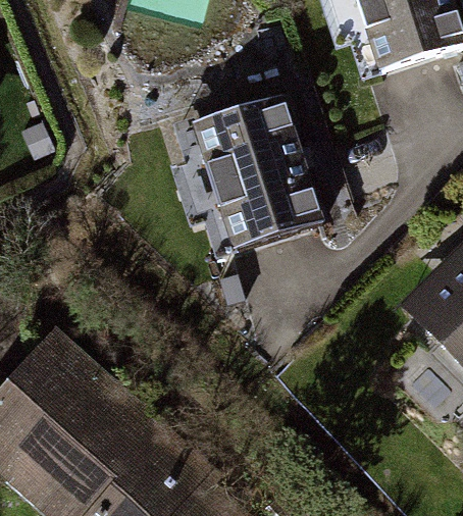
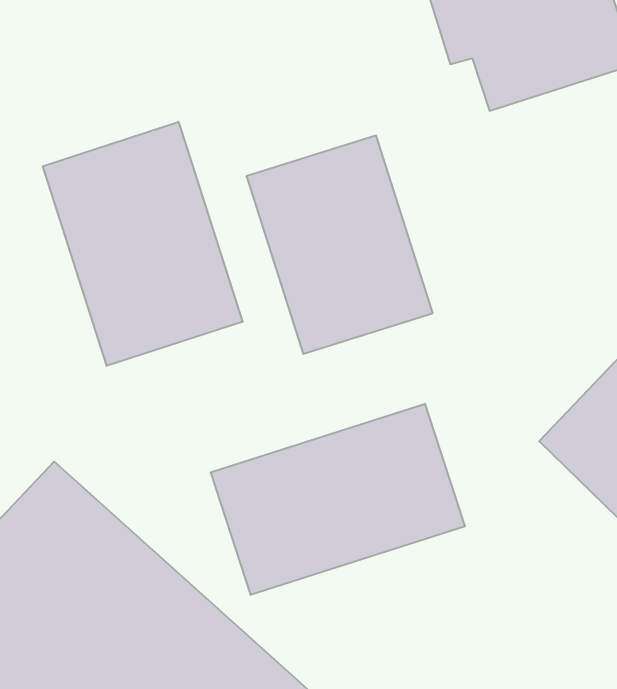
building: none -> [43,122,243,366]
building: none -> [211,404,465,595]

